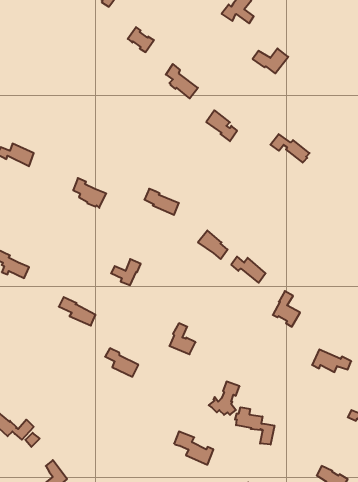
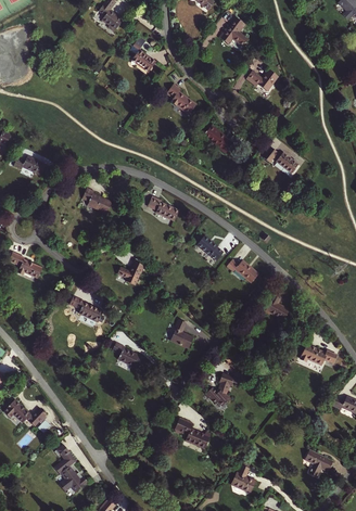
building: [235,407,274,445] -> none

